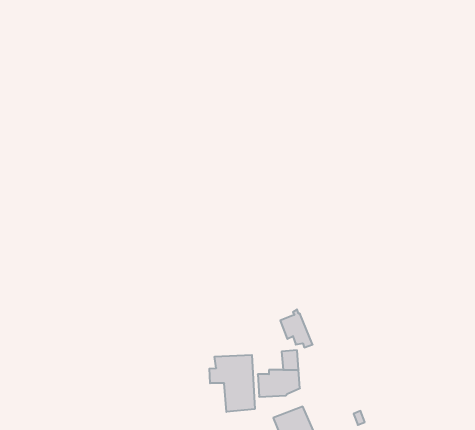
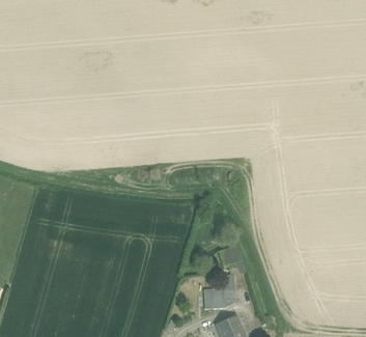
building: [209,355,255,412] -> none

